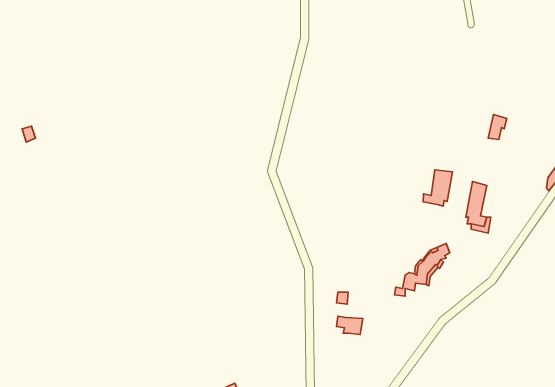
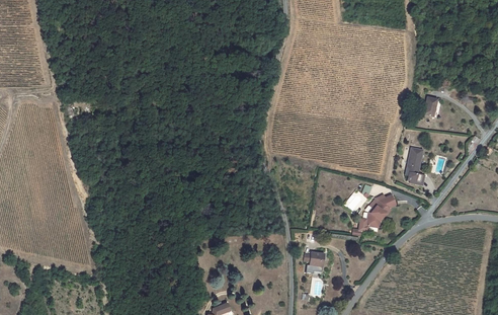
building: [423,170,453,206] -> none

